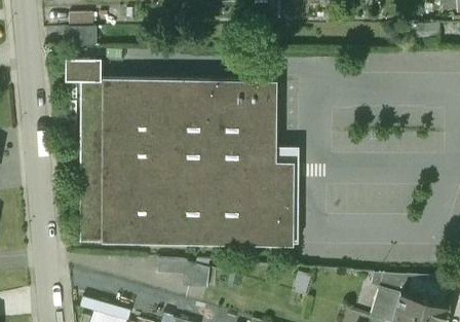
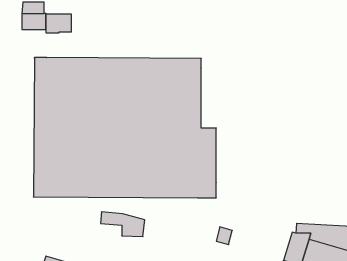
building: [66,59,95,80] -> [46,14,71,33]

